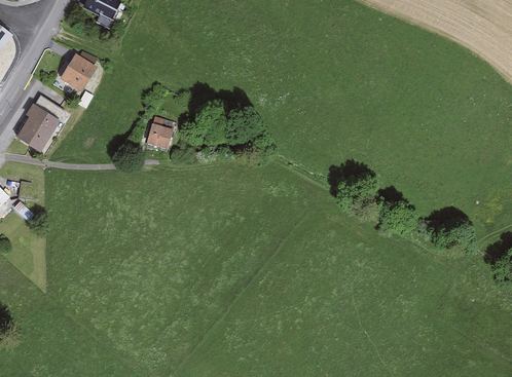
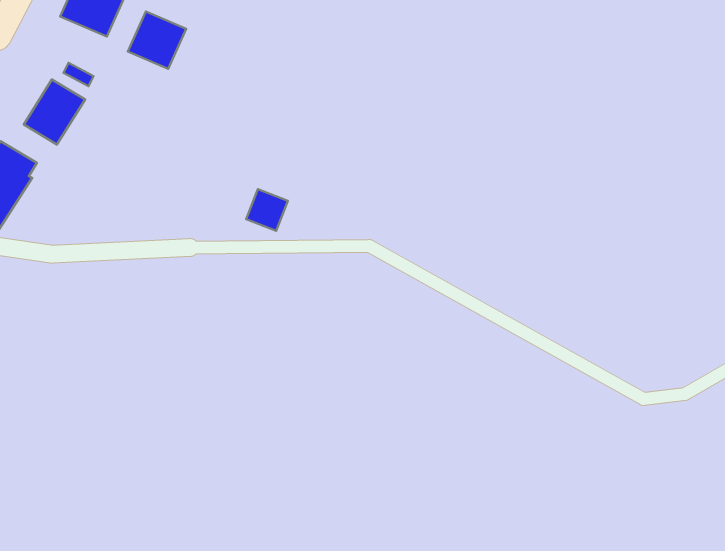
building: none -> [128,12,186,69]
building: [145,125,171,151] -> [246,189,288,231]

